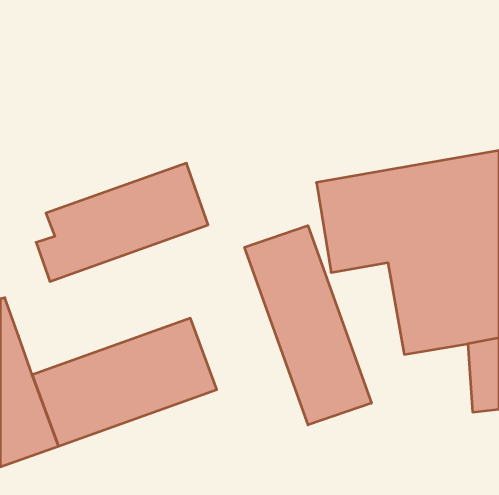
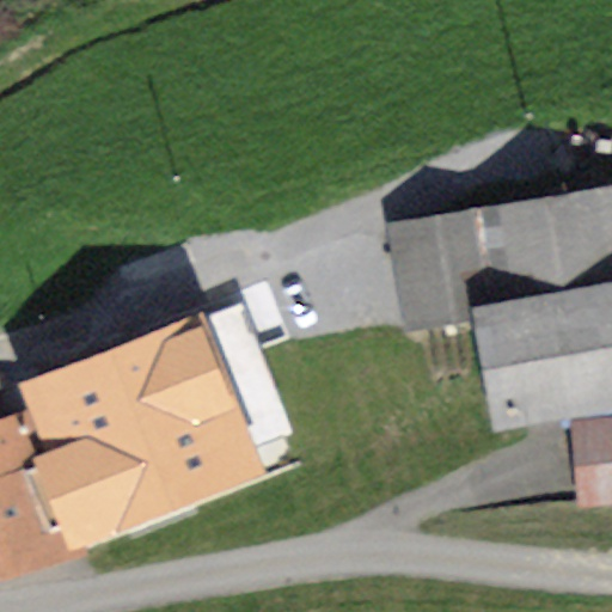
building: [36,163,208,281] -> [23,314,233,459]
building: [245,226,371,425] -> none

